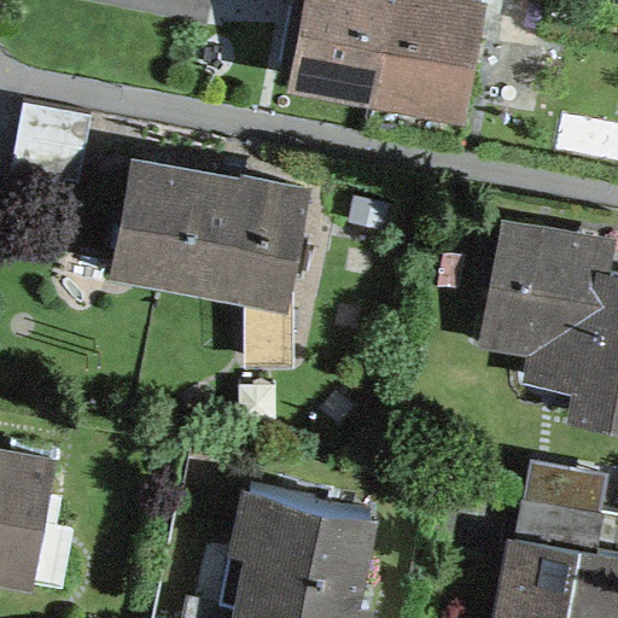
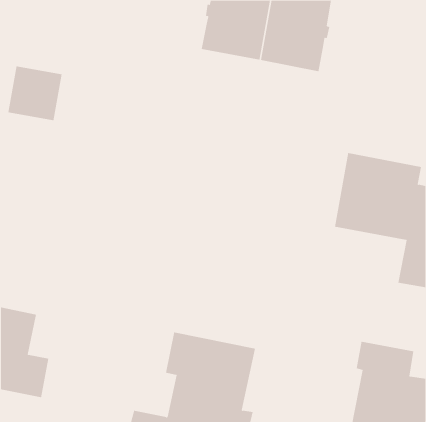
building: [115,162,305,360] -> none

